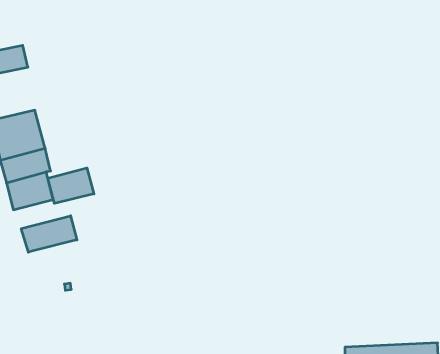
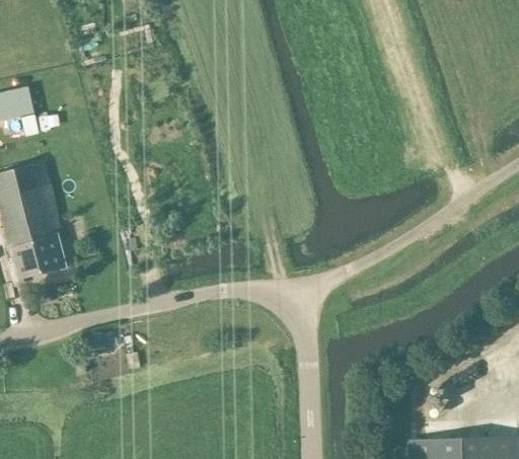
building: [48,168,94,203] -> none
building: [21,216,77,252] -> none

